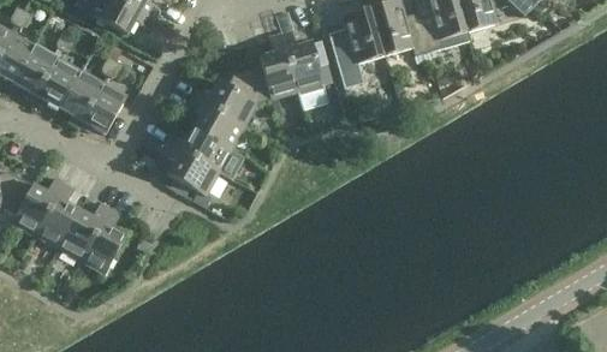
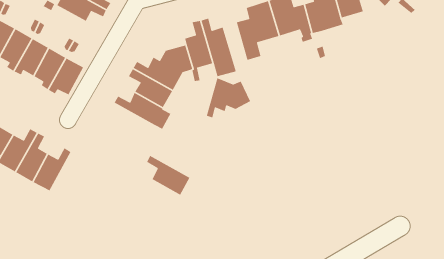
building: none -> [206,77,251,119]
building: [160,142,219,196] -> [146,155,191,196]
building: [81,207,125,273] -> none

